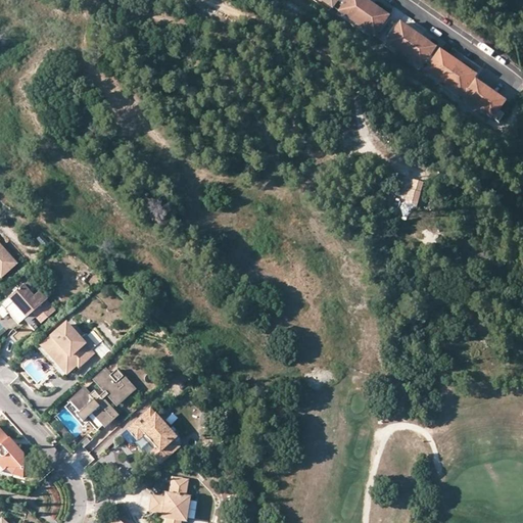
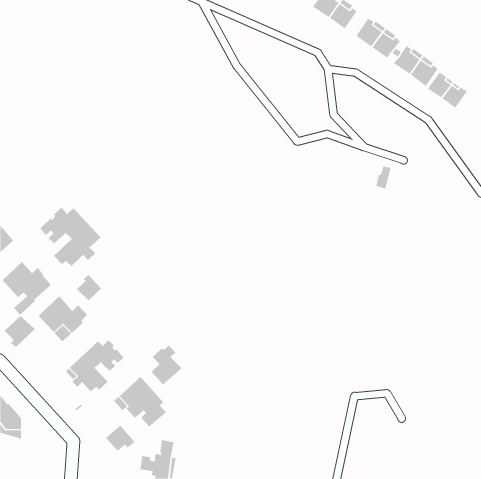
building: none -> [40,207,102,267]
building: none -> [76,274,102,301]
building: none -> [4,315,36,348]
building: none -> [151,345,182,386]
building: none -> [105,425,135,452]

